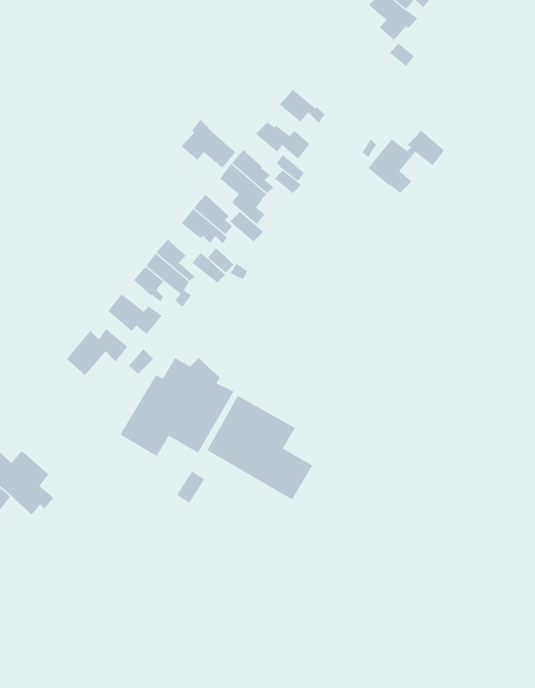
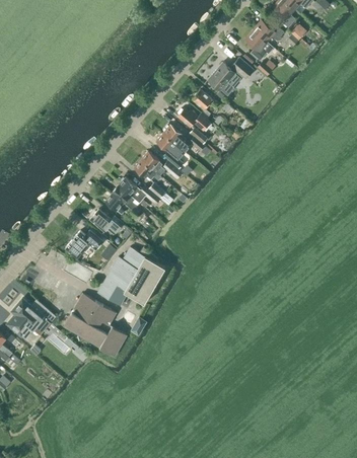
building: [181,119,236,169] -> none
building: [367,130,445,194] -> [208,58,254,95]
building: [207,395,313,500] -> [64,294,127,356]

